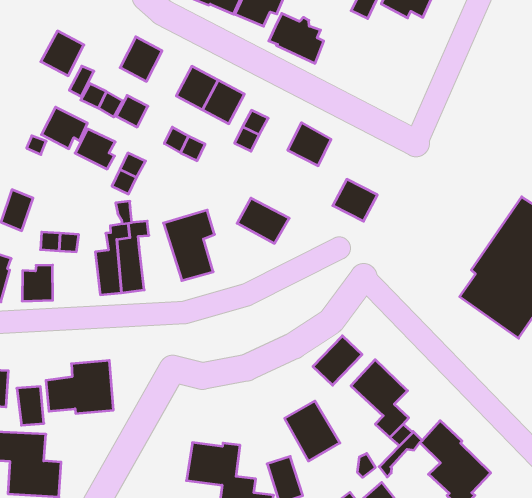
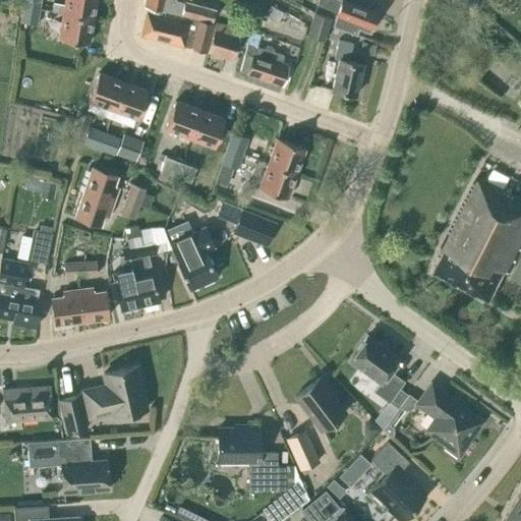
building: none -> [333,41,363,96]
building: [41,31,84,76] -> [89,73,124,111]
building: [41,107,87,149] -> [75,190,114,225]
building: [333,179,377,221] -> [259,164,297,198]
building: none -> [77,288,108,321]
building: [313,336,362,385] -> none

